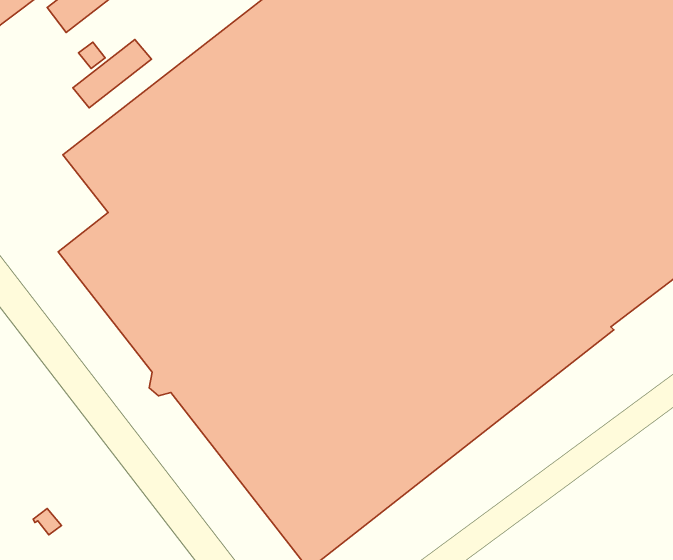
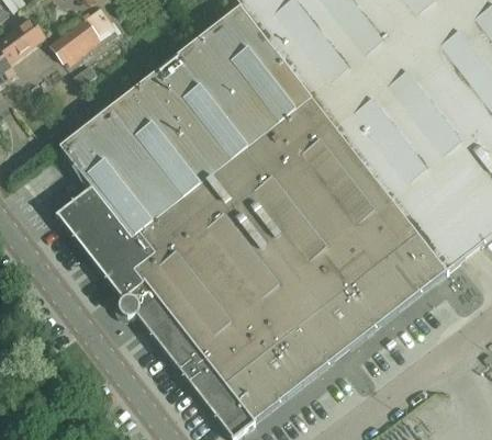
building: [73,39,151,108] -> none

